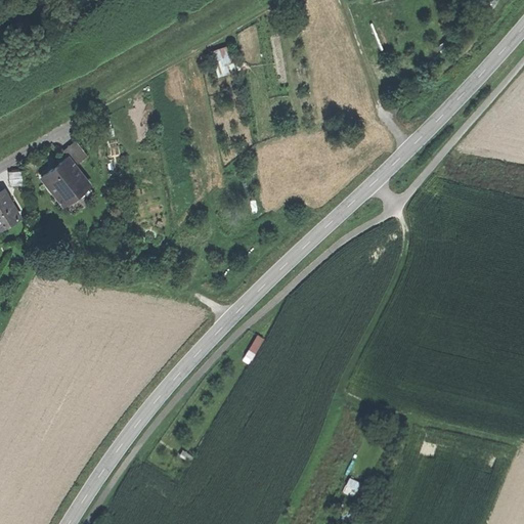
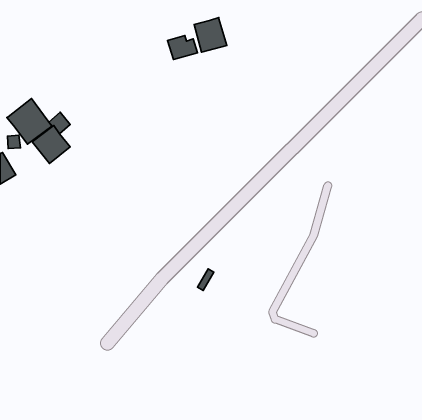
building: none -> [194,17,227,52]
building: none -> [7,99,52,144]

